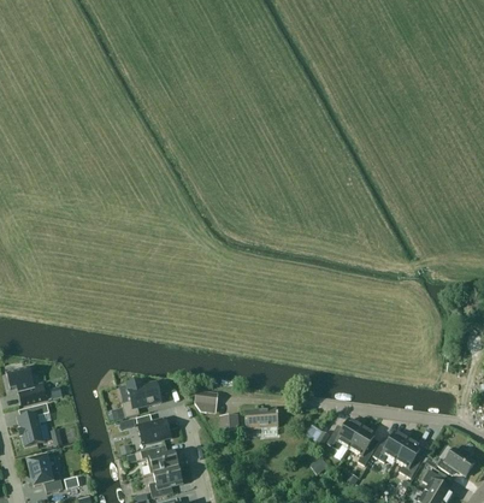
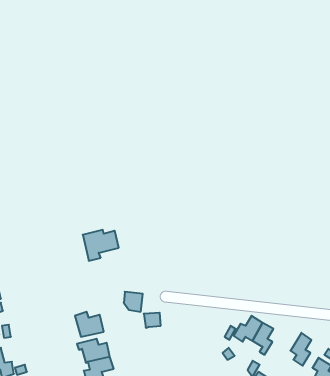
building: [118,380,161,418] -> [83,230,119,261]
building: [247,409,278,434] -> none
building: [373,432,409,463] -> none

